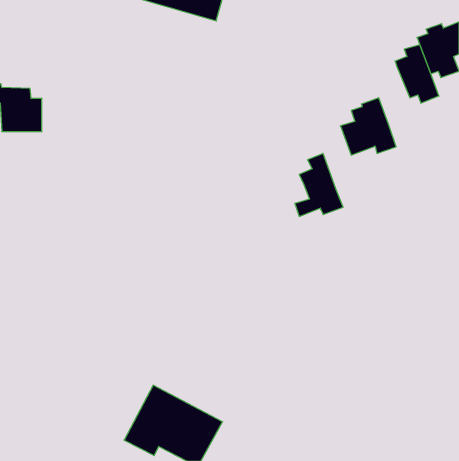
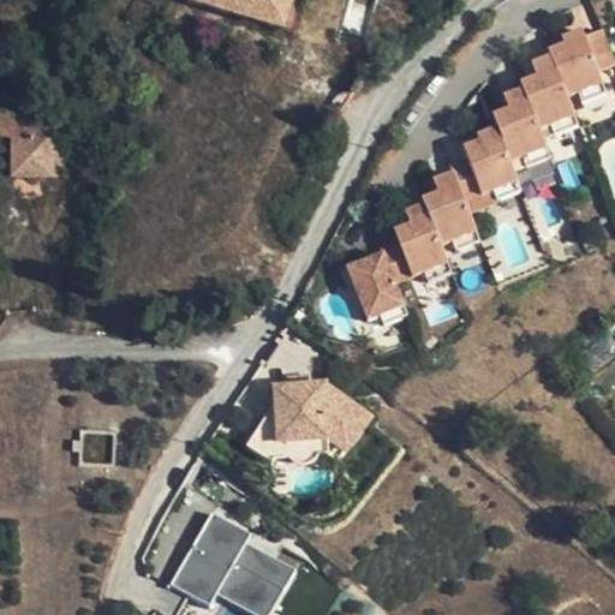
building: none -> [494,88,549,166]
building: none -> [424,175,479,255]
building: none -> [347,243,407,327]
building: none -> [264,376,357,441]

